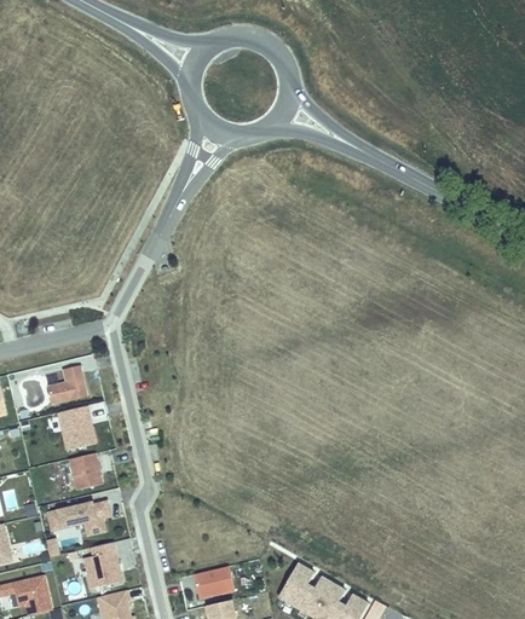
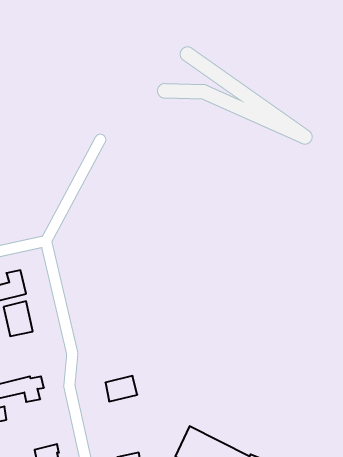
building: [68,452,100,488] -> none
building: [82,540,121,588] -> none
building: [192,565,233,597] -> [105,376,137,401]

